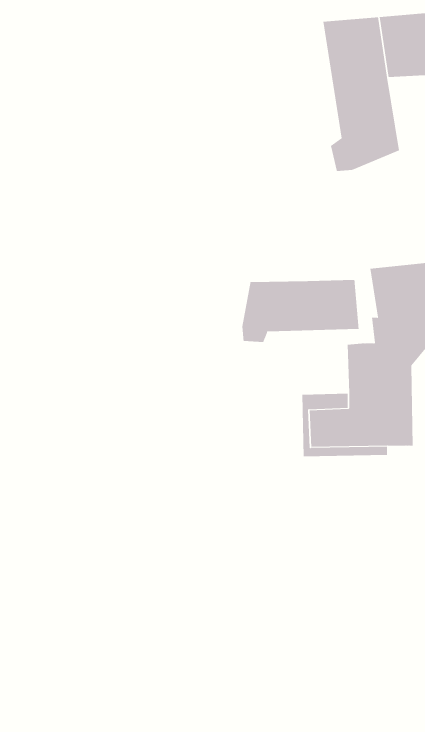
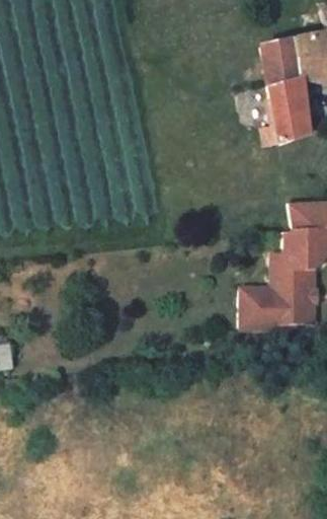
building: [242,279,359,343] -> none

